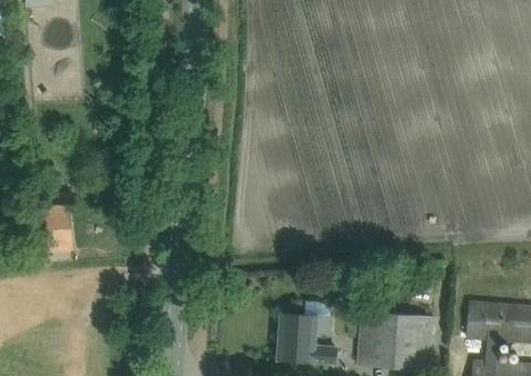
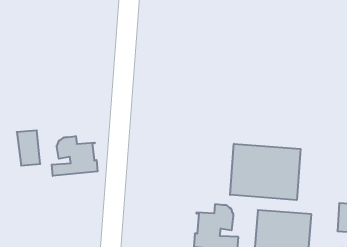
building: none -> [52,136,98,176]
building: none -> [230,144,301,200]

